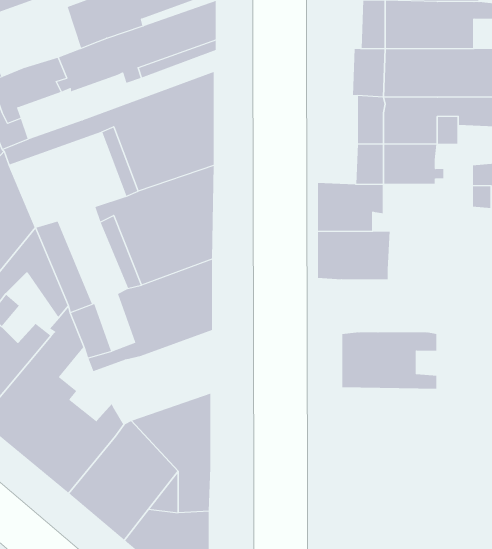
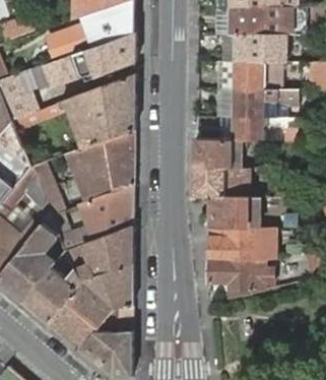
building: none -> [208,197,258,229]
building: none -> [75,227,133,281]
building: none -> [208,260,264,297]

